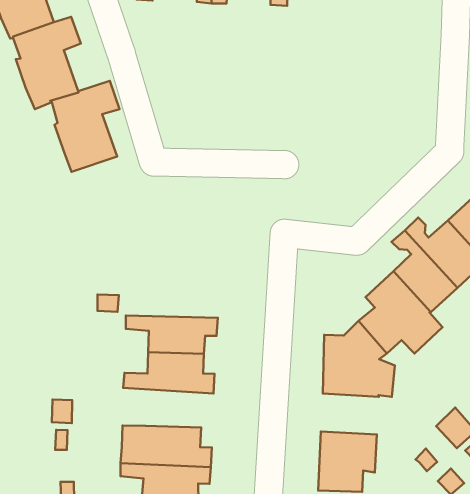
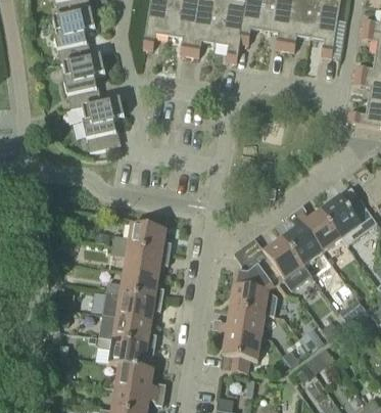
building: none -> [112,223,171,254]
building: none -> [102,290,161,321]
building: none -> [211,309,265,338]

